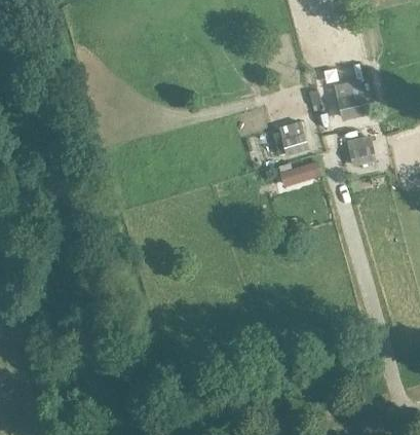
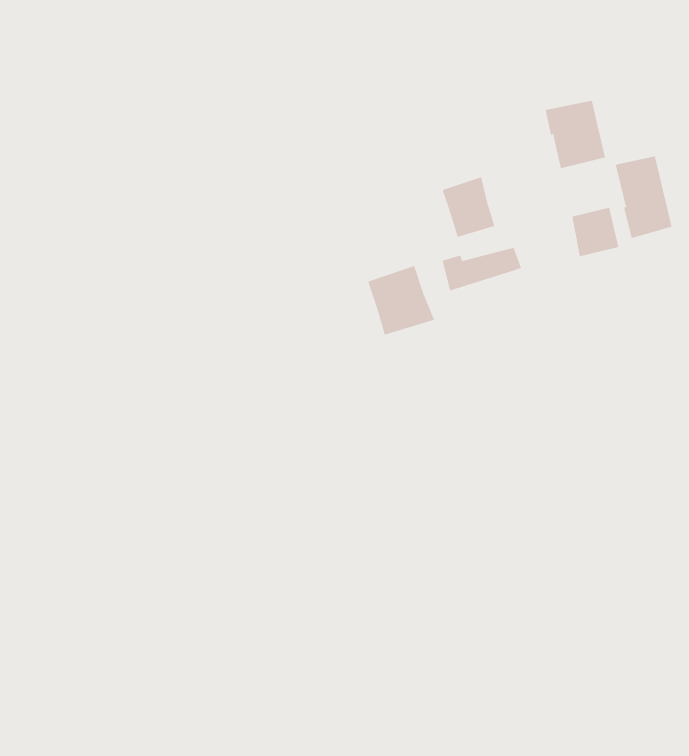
building: none -> [615,156,672,239]
building: none -> [367,265,435,335]

